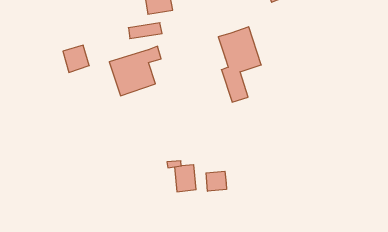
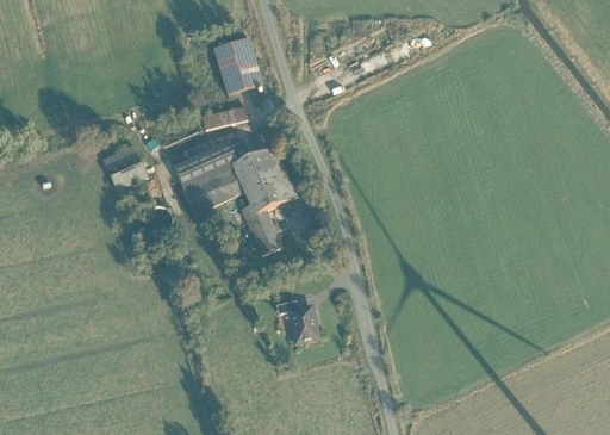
building: [218,27,261,102] -> [231,144,298,256]
building: [206,171,226,191] -> none

